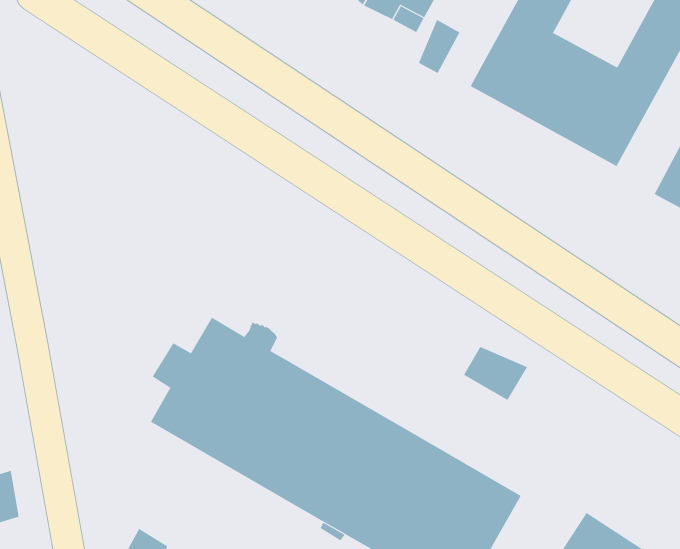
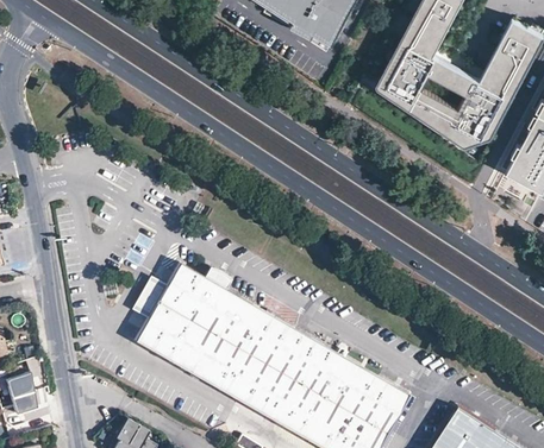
building: [418,19,460,74] -> none
building: [463,346,528,401] -> none

